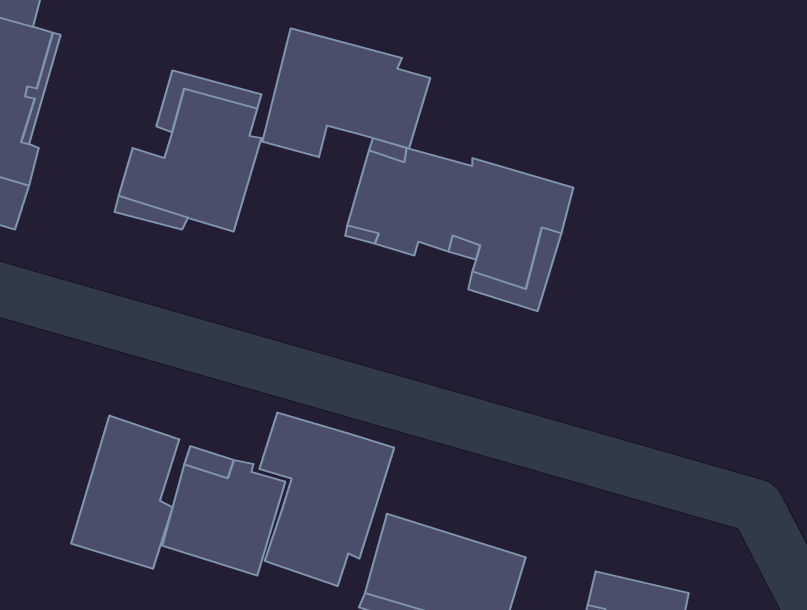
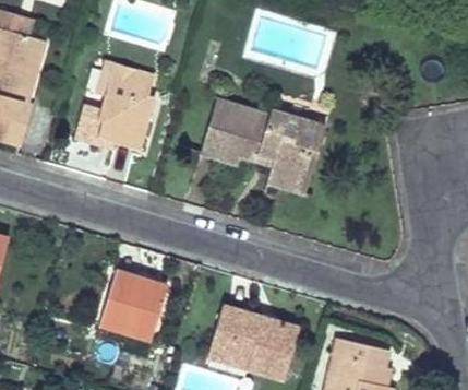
building: [262,28,430,157] -> none
building: [259,412,394,586] -> none
building: [71,415,179,569] -> none

